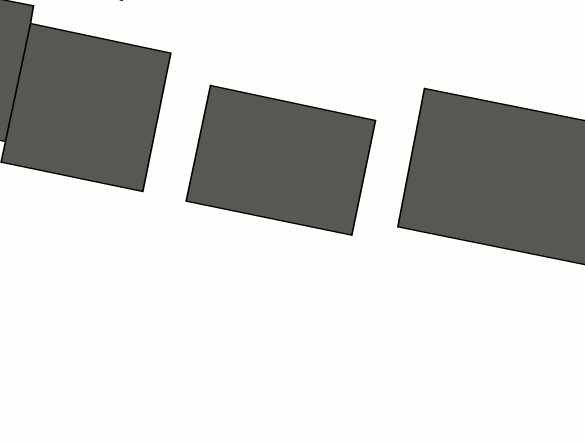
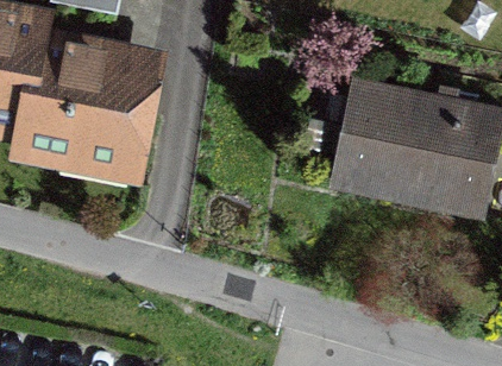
building: [186,85,375,235] -> none

